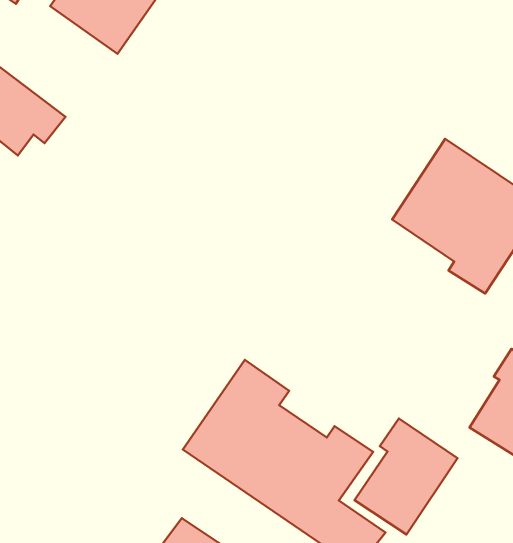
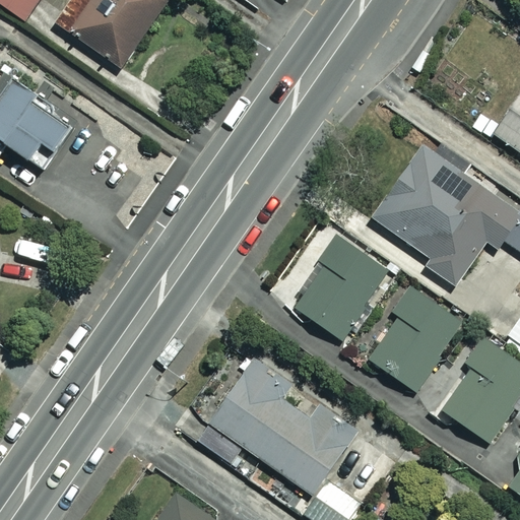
building: none -> [296,235,389,339]
building: [354,418,457,535] -> [370,285,464,392]

